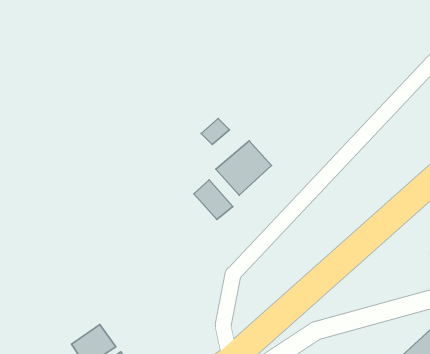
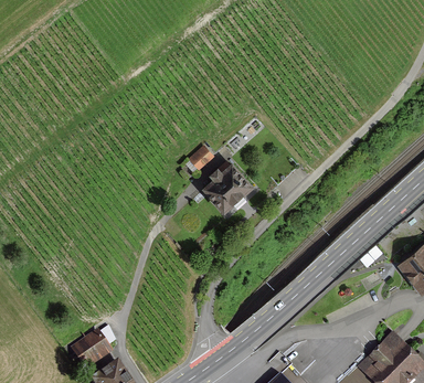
building: [194,180,233,220] -> none

